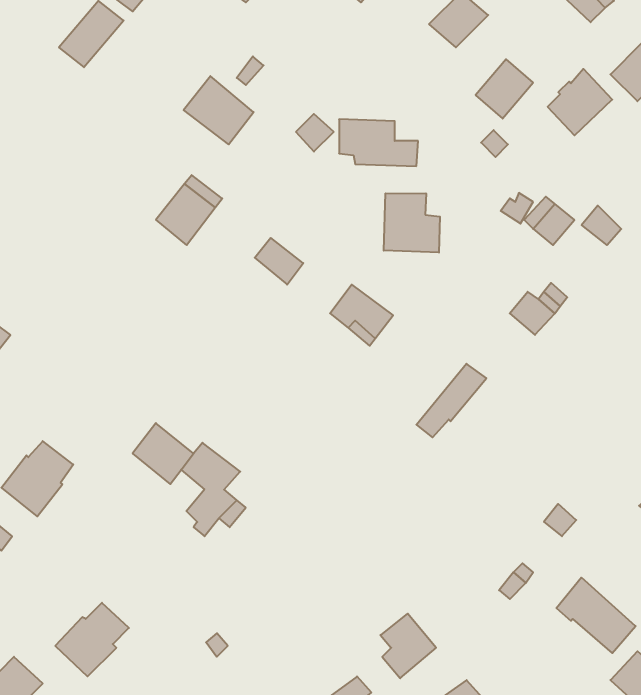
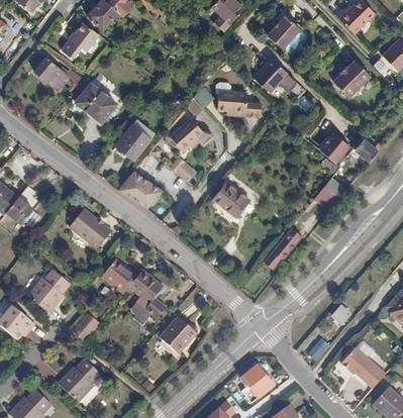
building: [476,59,533,119] -> [256,60,288,93]
building: none -> [33,58,81,91]
building: [184,76,254,144] -> [74,82,113,120]
building: none -> [171,115,214,149]
building: [384,193,440,253] -> none
building: none -> [117,171,161,208]
building: none -> [70,209,110,247]
building: none -> [72,311,101,340]
building: none -> [159,318,194,352]

